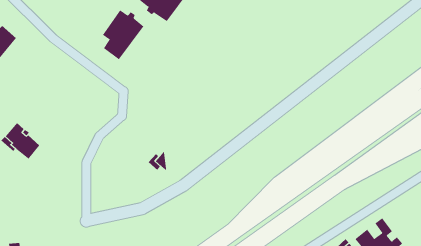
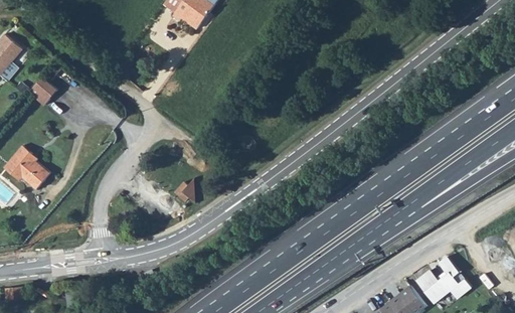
building: [102,10,144,60] -> none
building: none -> [29,76,57,105]

